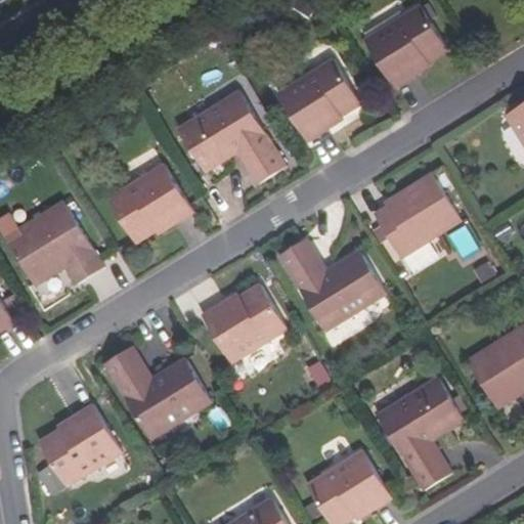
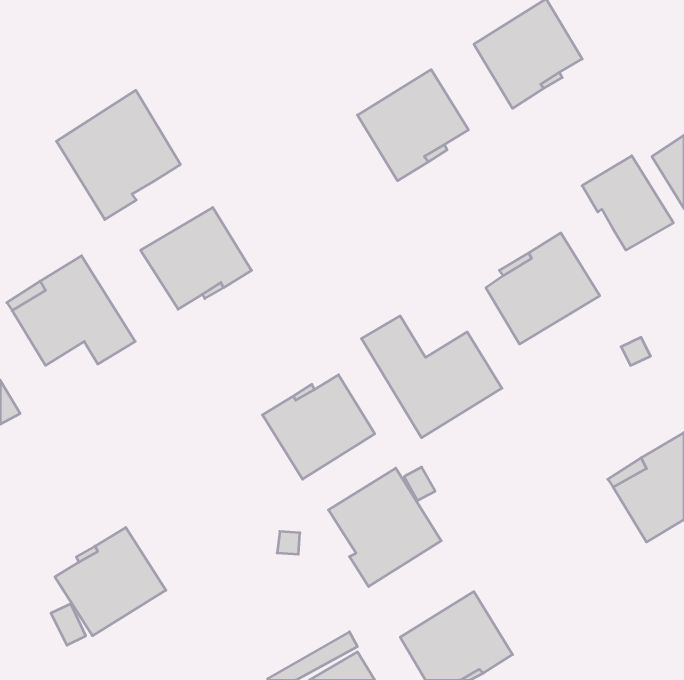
building: none -> [56,90,180,220]
building: [177,86,286,180] -> none
building: none -> [582,156,673,250]
building: [106,346,213,437] -> none
building: none -> [328,468,441,587]
building: [374,382,463,494] -> none

